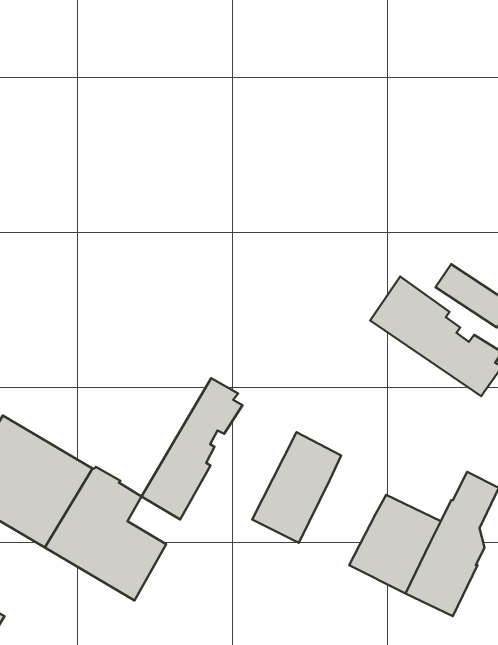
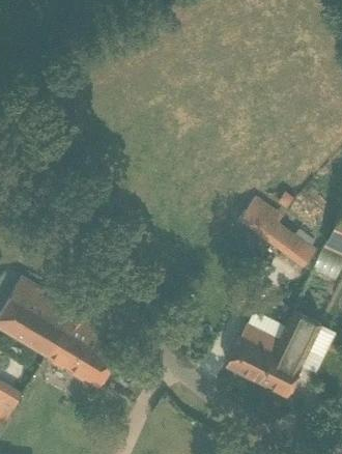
building: [142,378,242,519] -> none
building: [252,432,341,543] -> none

